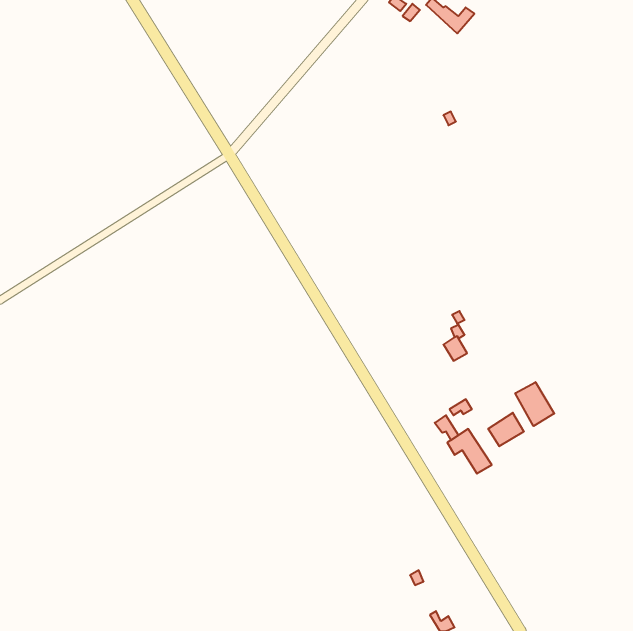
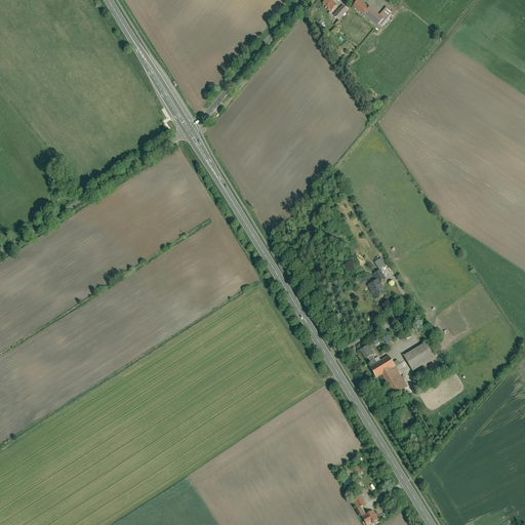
building: [515,382,554,426] -> none

